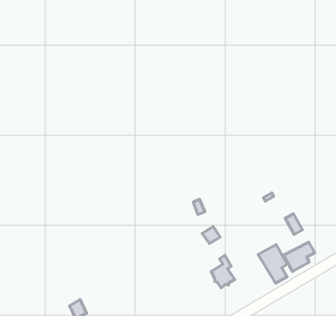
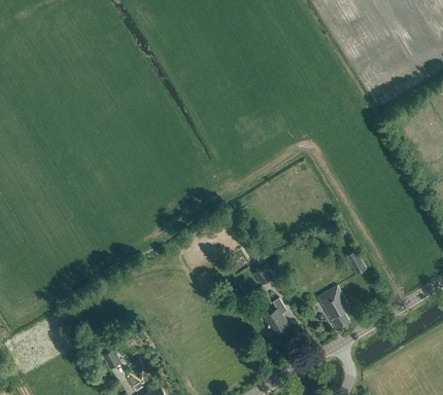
building: [283,242,315,271] -> none

